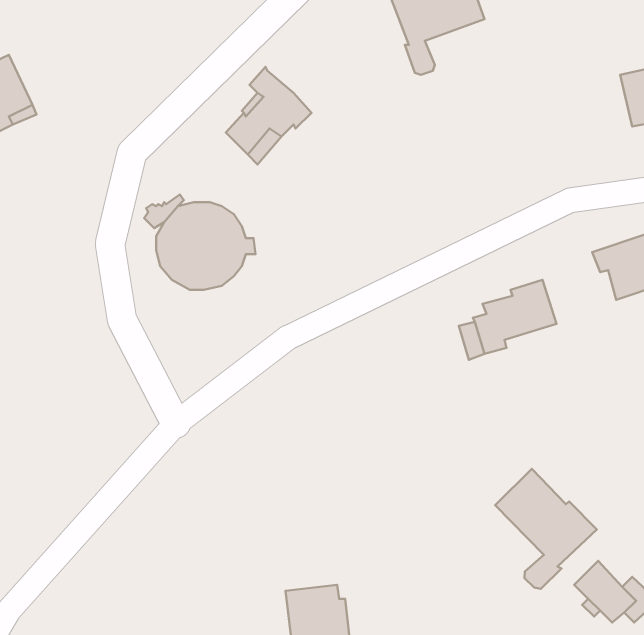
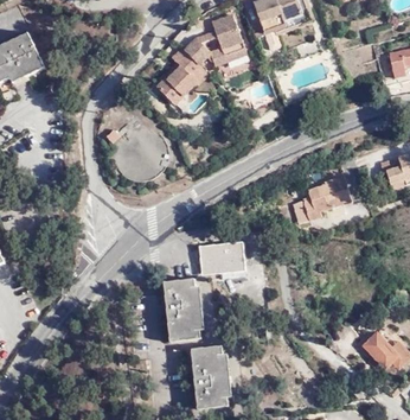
building: none -> [179,7,244,62]
building: none -> [198,247,244,279]
building: [495,469,597,589] -> none
building: none -> [162,282,203,345]

